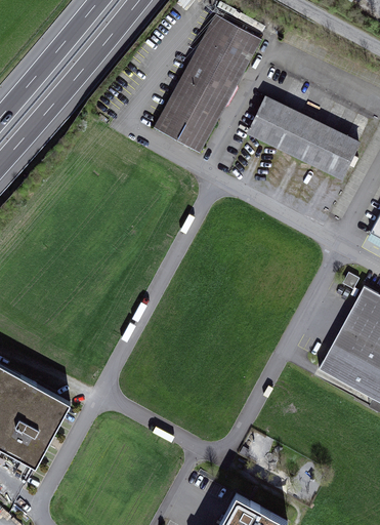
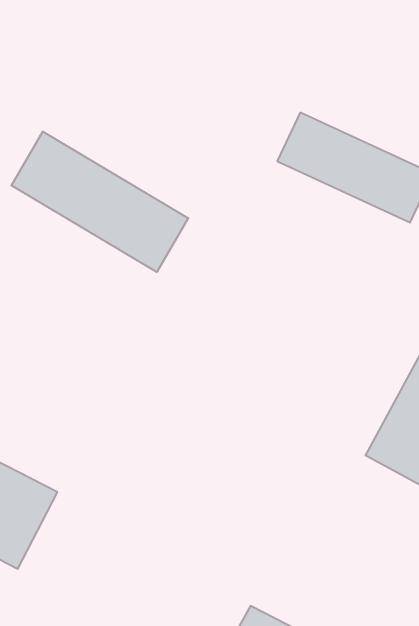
building: [161,14,265,146] -> none
building: none -> [11,131,188,272]

